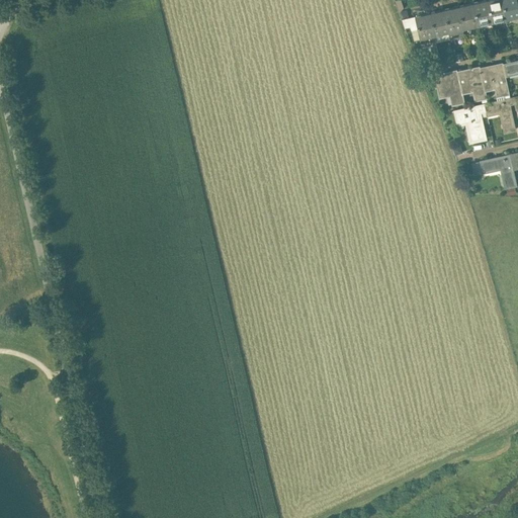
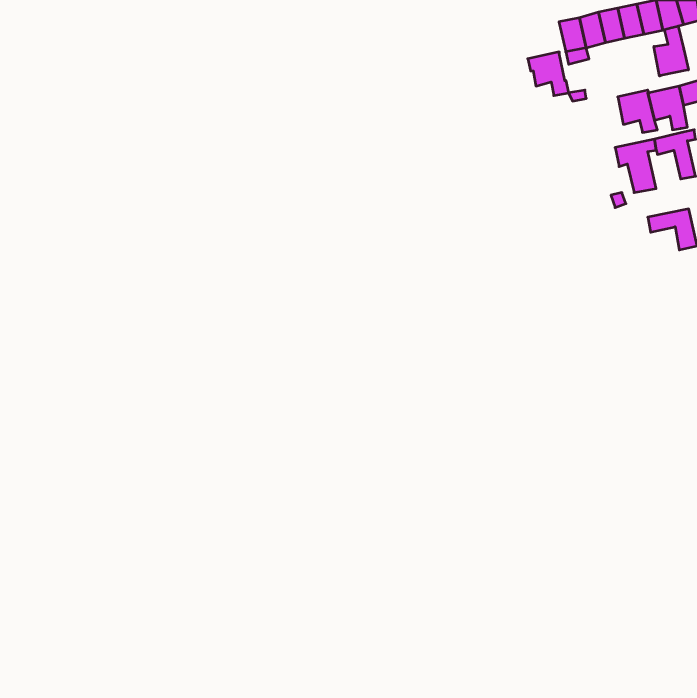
building: none -> [654,26,688,76]
building: [435,71,465,103] -> [528,52,569,96]

